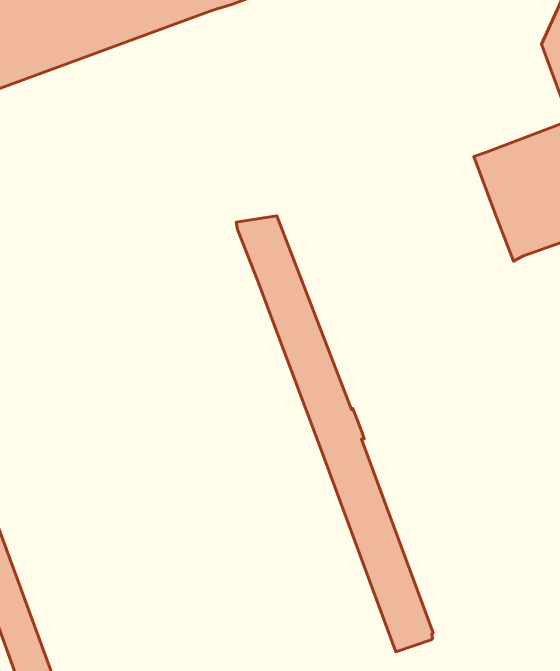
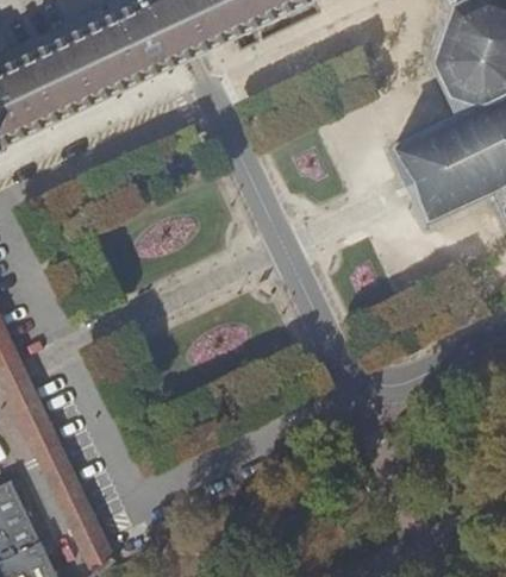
building: [236,216,433,652] -> none

